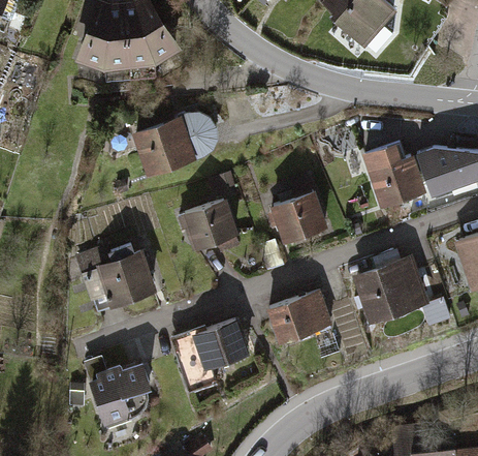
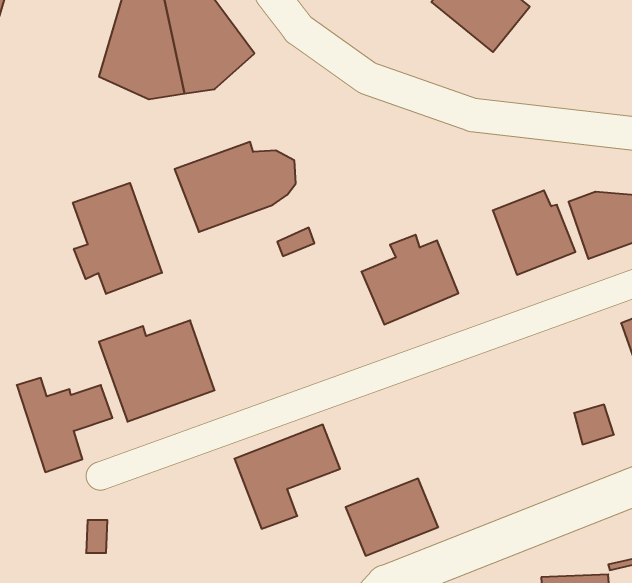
building: none -> [73,183,162,294]
building: [185,199,244,256] -> none
building: [351,250,431,326] -> none
building: [265,290,332,345] -> [346,479,438,556]
building: [83,359,152,427] -> [17,378,112,472]

